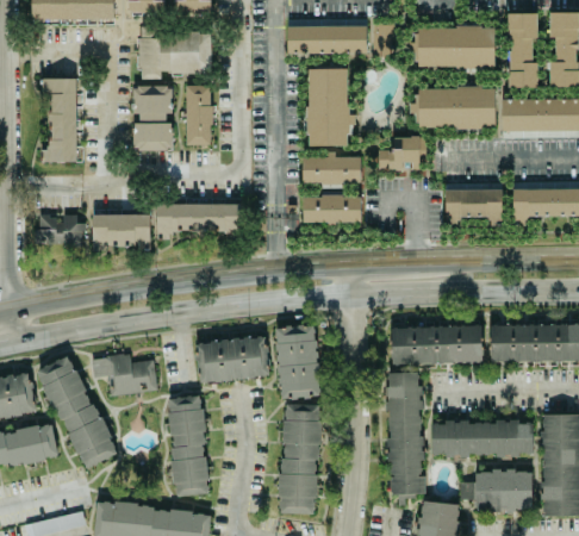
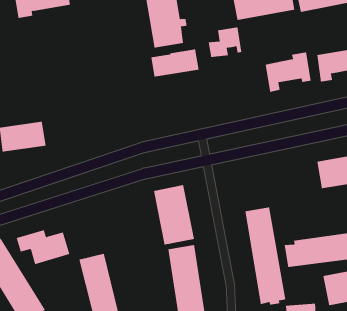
building: [186,86,211,145] -> none
building: [132,87,173,150] -> none
building: [303,197,361,223] -> none
building: [156,204,239,239] -> none
building: [391,325,484,364] -> none
building: [195,336,270,384] -> none

